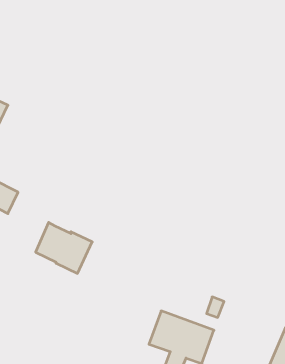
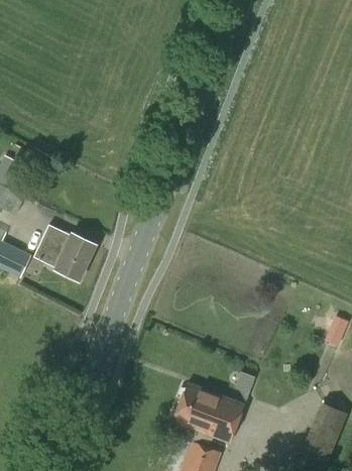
building: [36,222,92,273] -> [34,224,96,279]

